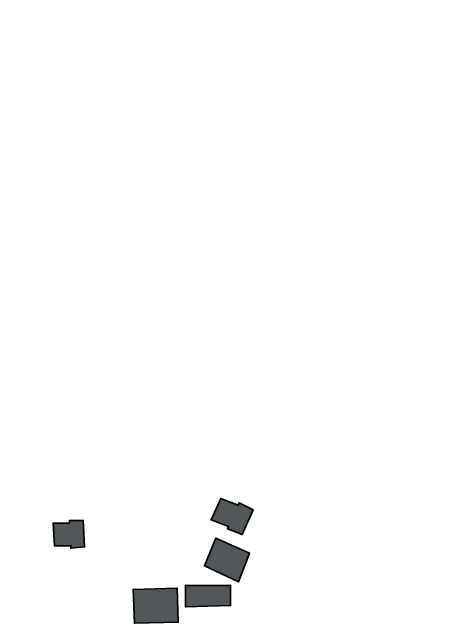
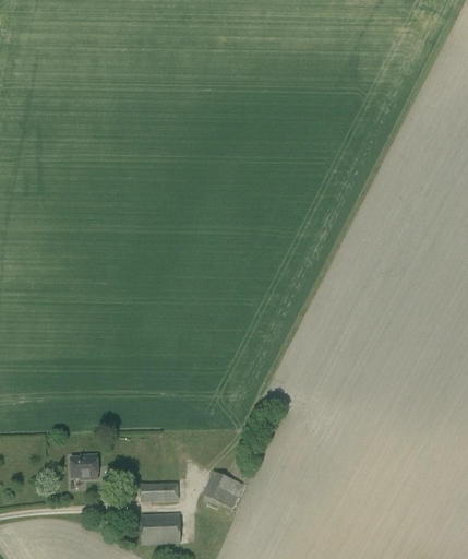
building: [211,498,253,535] -> none
building: [185,585,230,607] -> [137,483,177,501]

